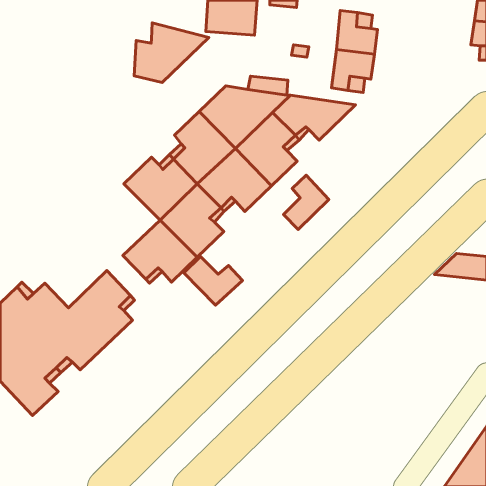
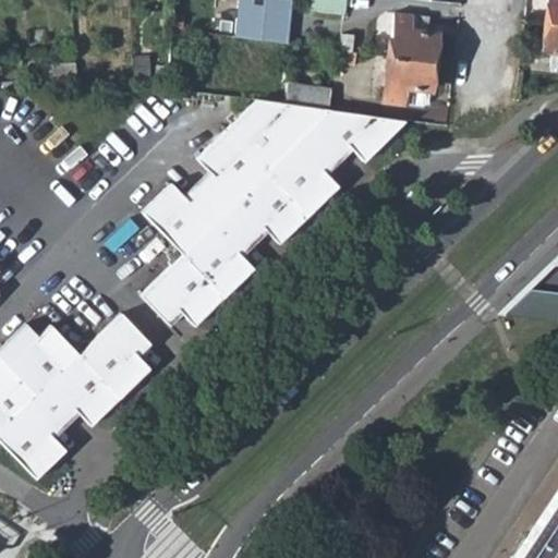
building: [134,23,209,83] -> none
building: [283,175,329,230] -> none
building: [184,257,243,305] -> none

